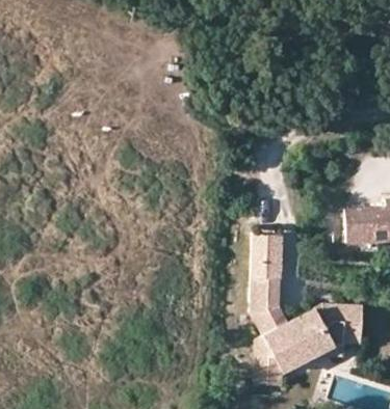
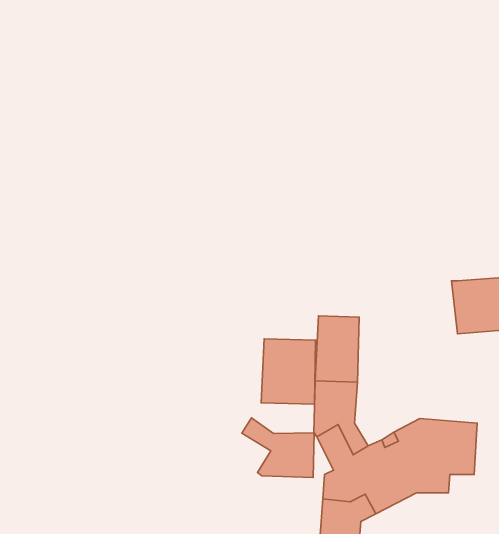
building: none -> [261,339,316,404]
building: none -> [242,418,314,477]

